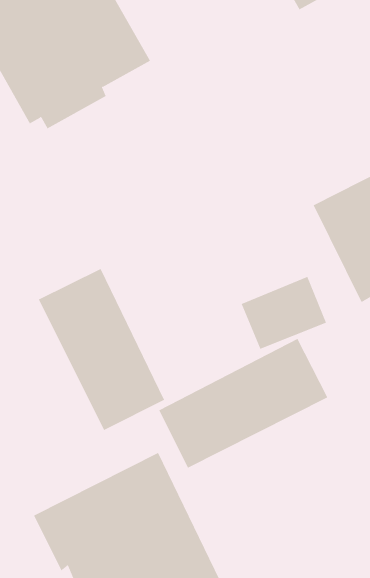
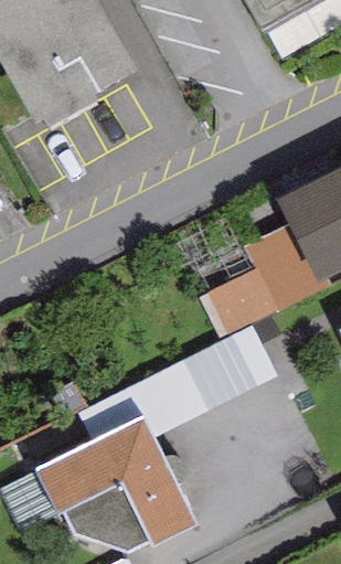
building: [38,268,165,431] -> none

